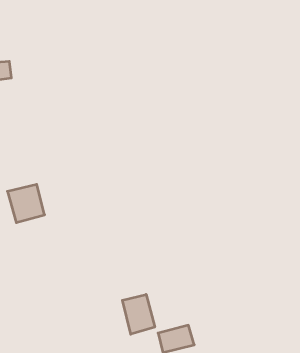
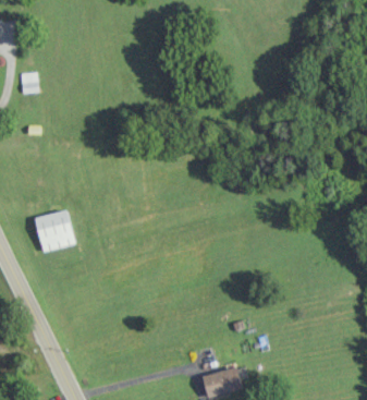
building: [122,294,155,334] -> none

